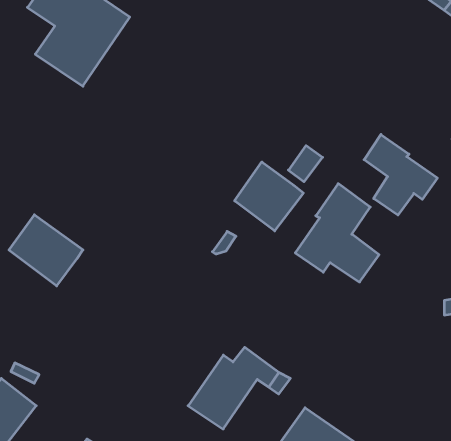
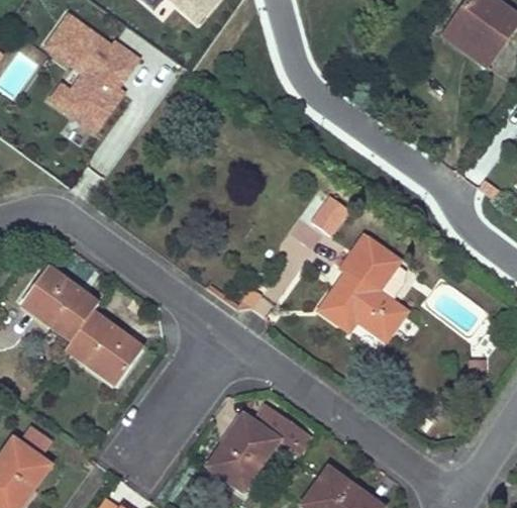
building: [364,134,437,215] -> none
building: [235,162,303,231] -> none
building: none -> [65,313,141,388]

